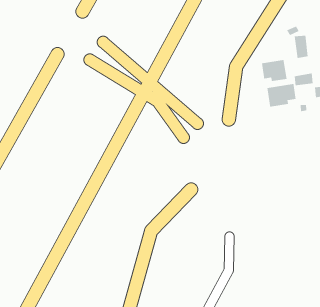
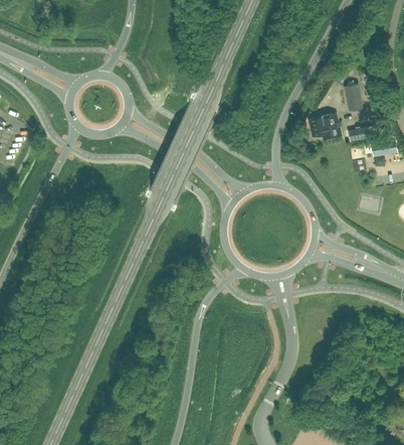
building: [267,83,296,107] -> none

